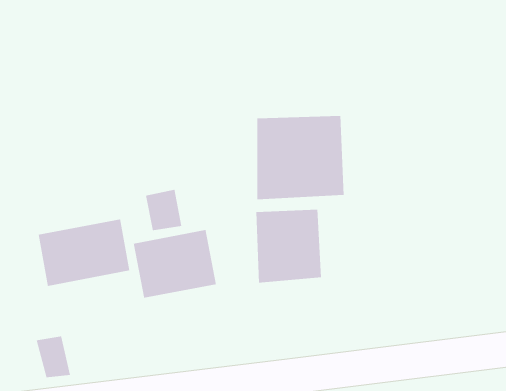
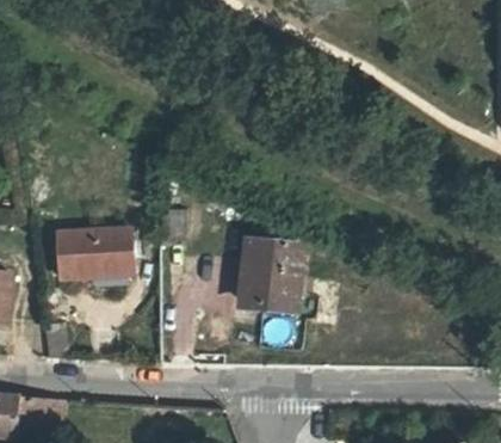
building: [257,115,344,200] -> none
building: [133,229,217,298] -> none

